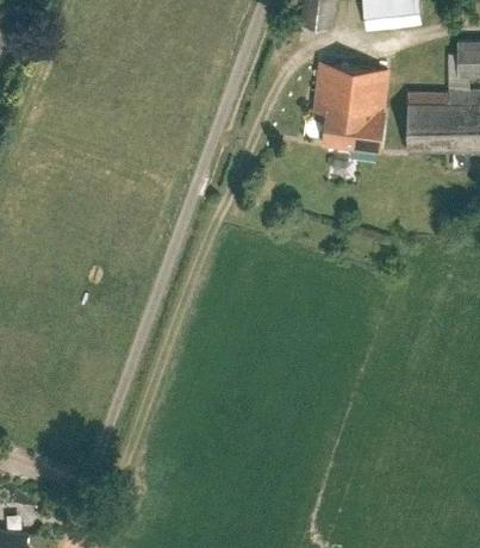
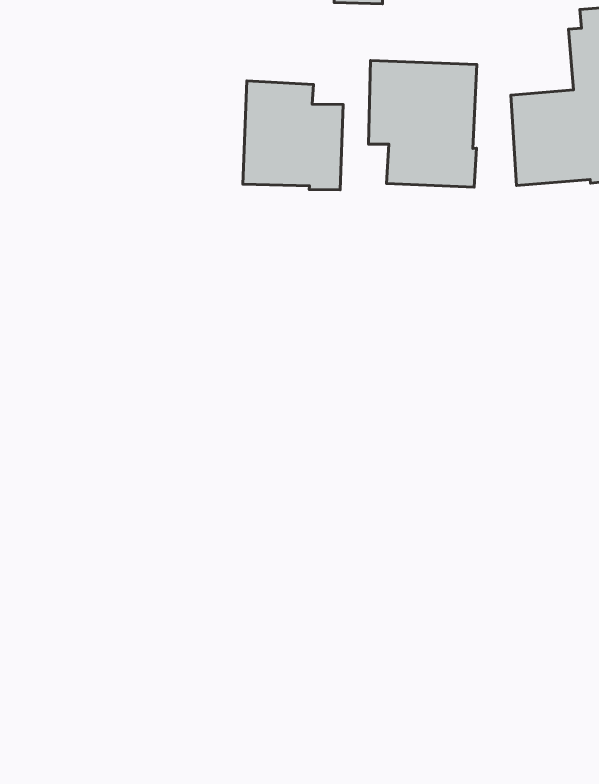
building: none -> [243,81,343,190]

